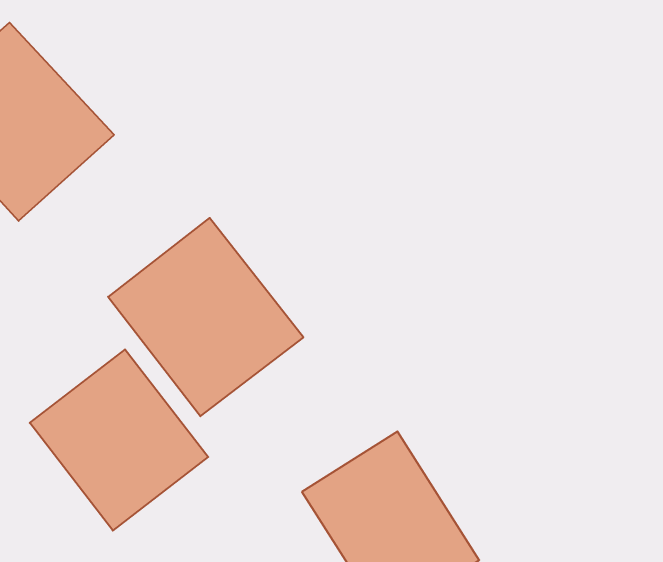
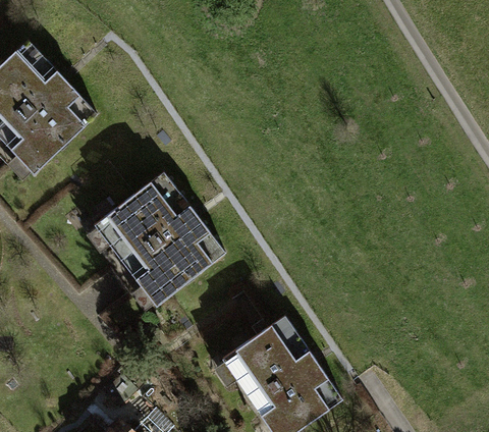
building: [30,349,208,531] -> none

